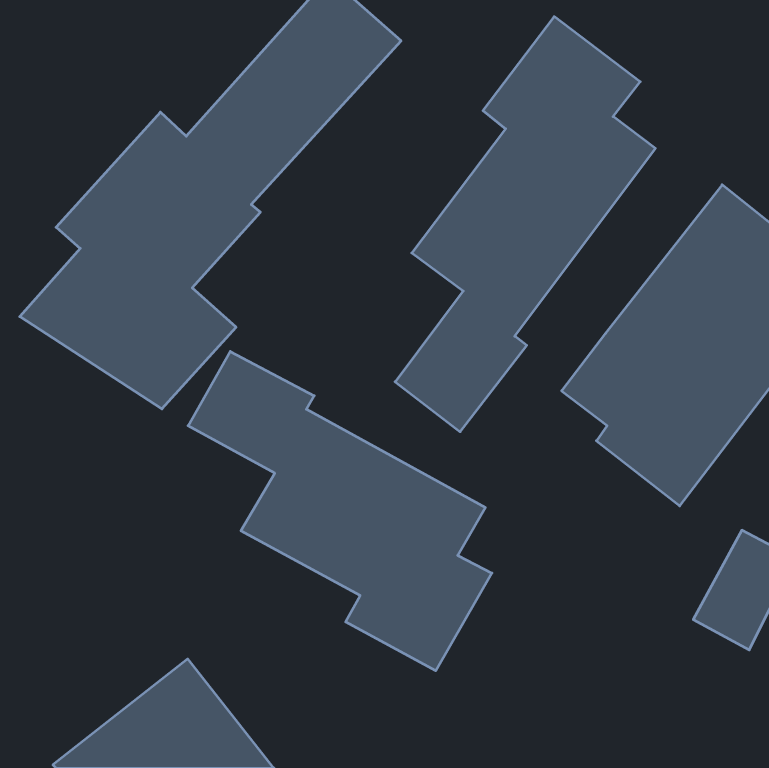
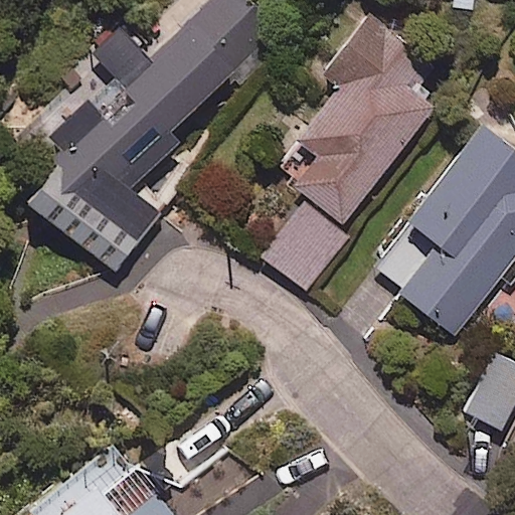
building: [188,351,492,671] -> none

